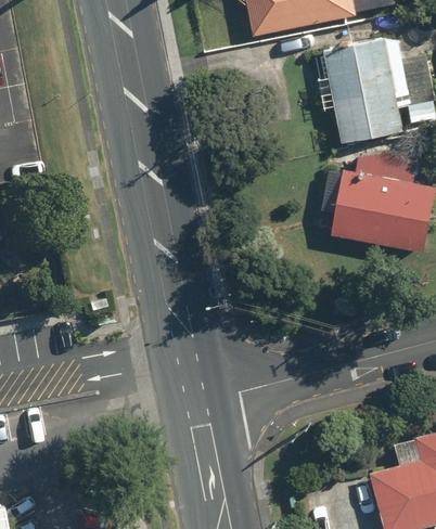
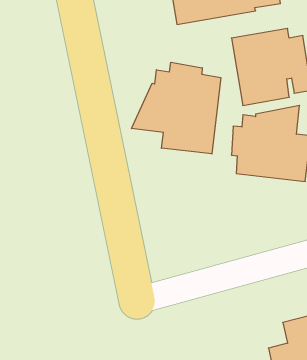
building: none -> [132,62,221,154]

